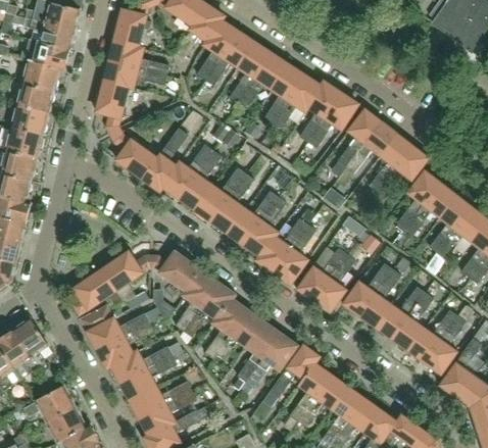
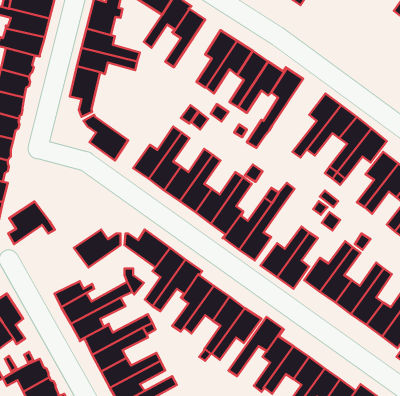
building: [205,31,254,86] -> none
building: [308,93,357,147] -> none
building: [143,128,188,191] -> none
building: [72,270,121,315] -> [8,202,55,244]

